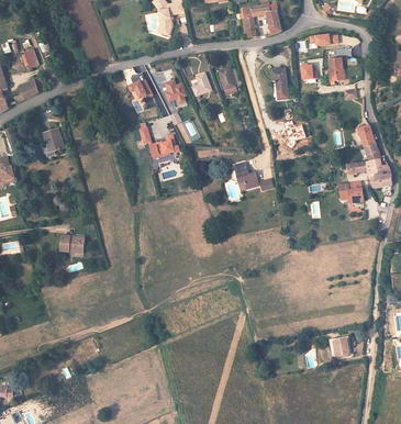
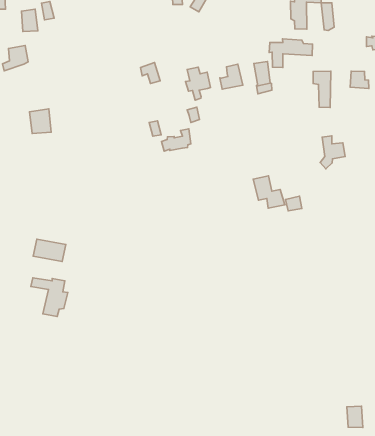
building: none -> [269,39,312,68]
building: none -> [31,278,68,317]

